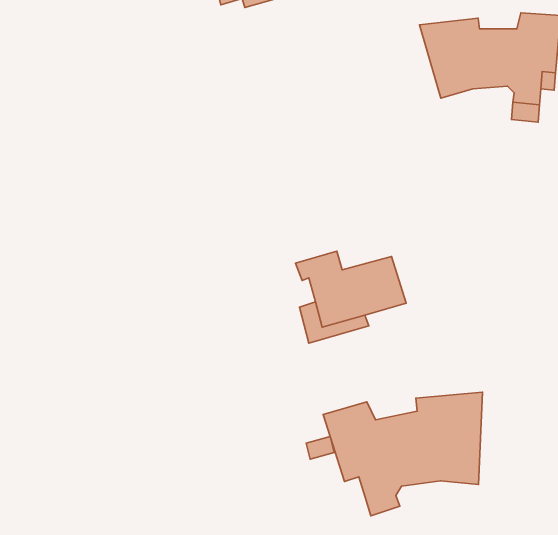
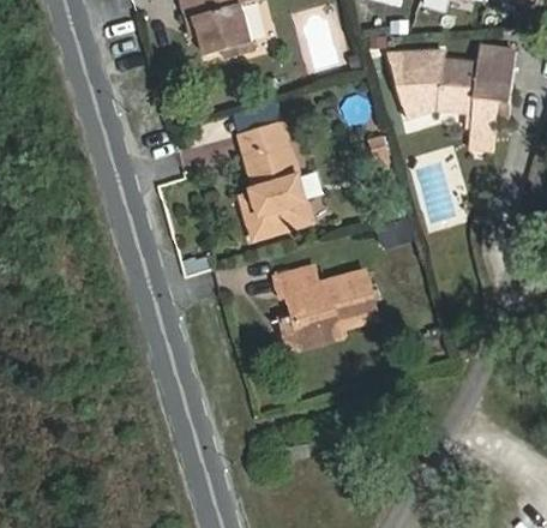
building: none -> [238,110,312,226]
building: [323,392,483,516] -> none

